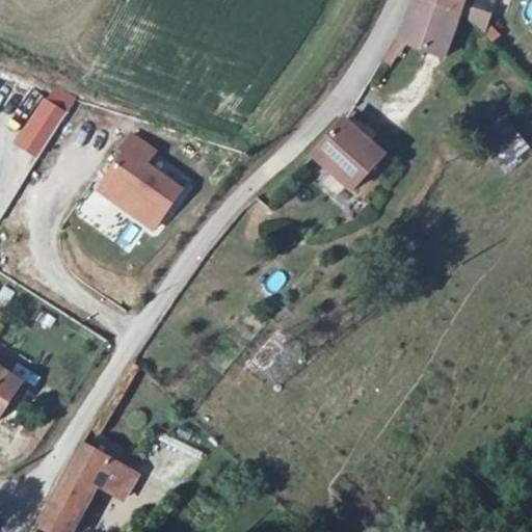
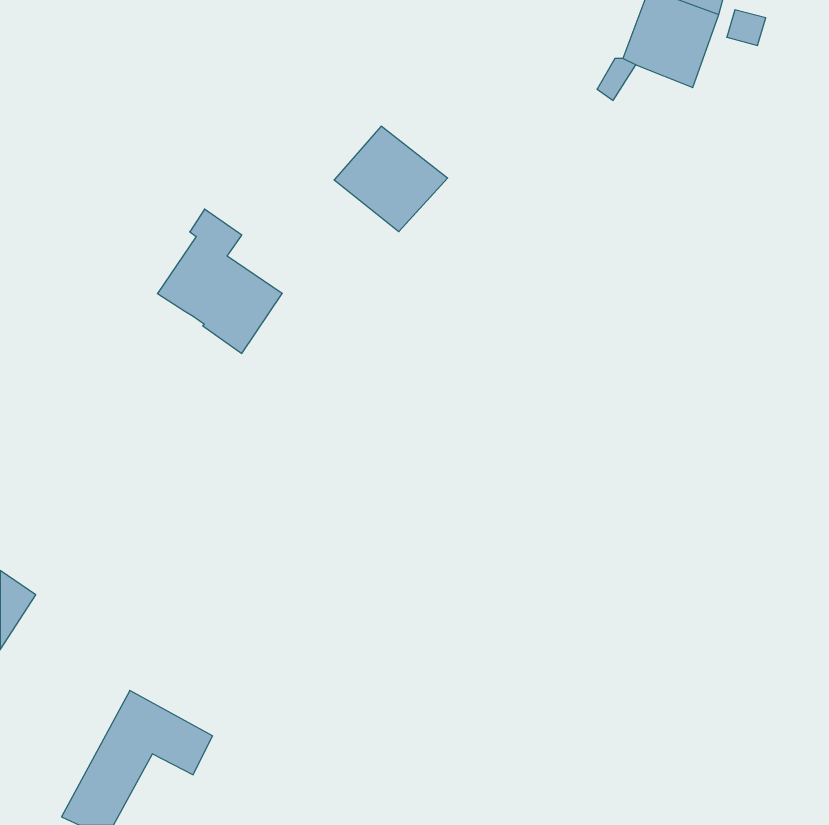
building: [20,96,69,153] -> none
building: [315,118,388,186] -> [334,126,448,232]

